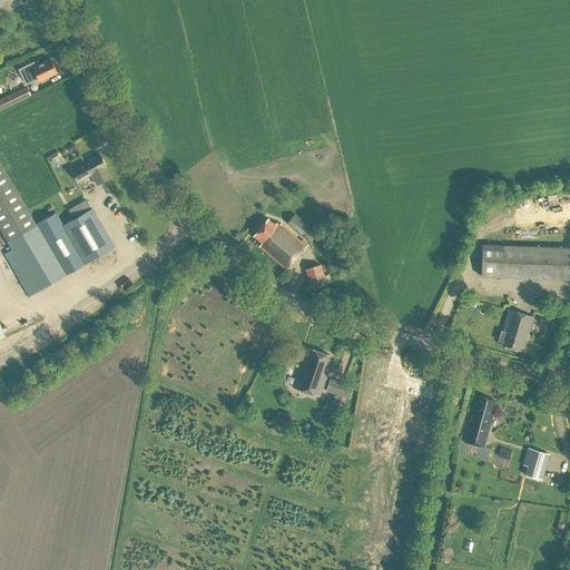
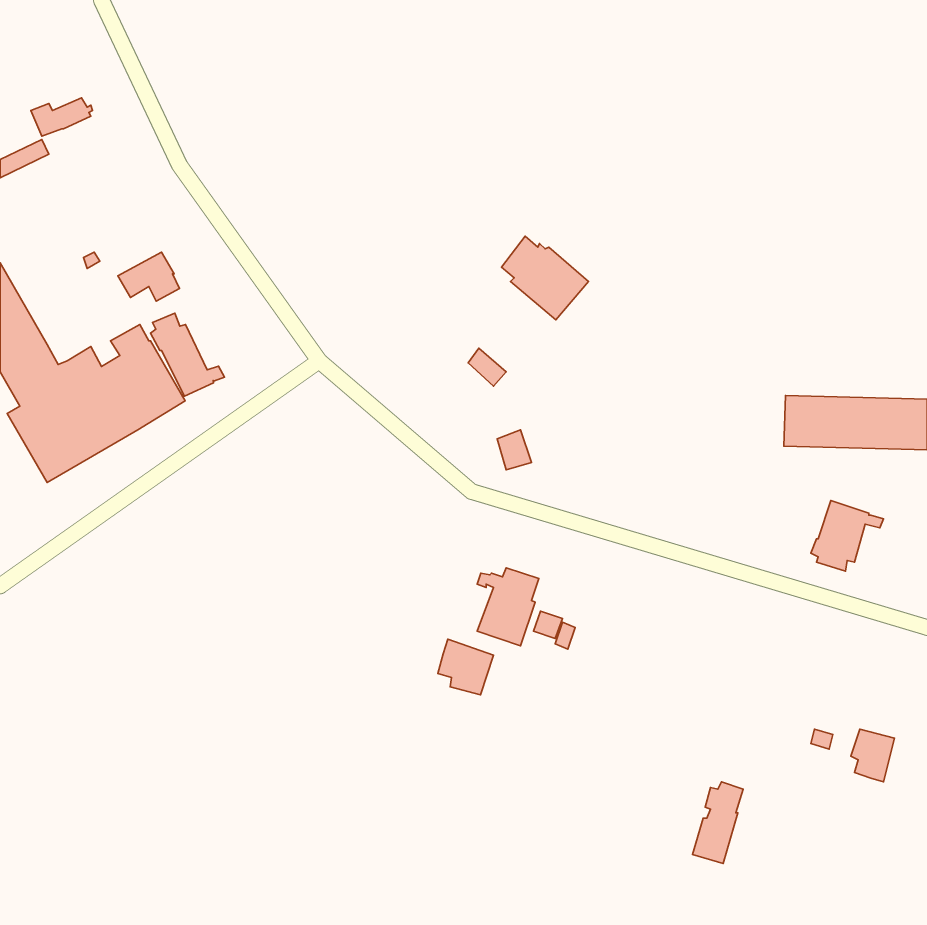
building: none -> [151,313,225,396]
building: [253,218,306,269] -> [502,236,589,320]
building: none -> [438,639,494,695]
building: [464,397,495,448] -> [692,782,743,864]

